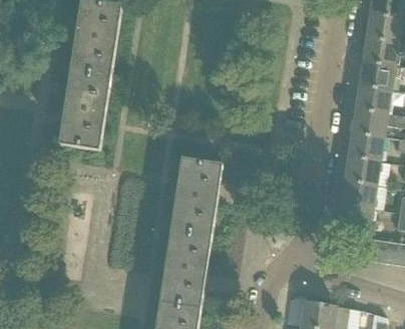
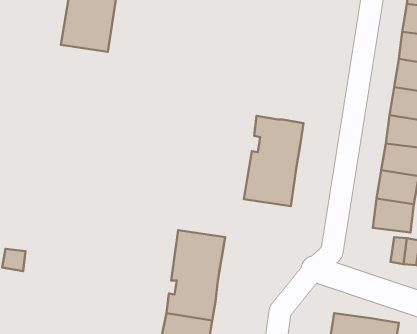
building: [59,70,110,149] -> none
building: [170,157,222,235] -> [244,116,304,206]

